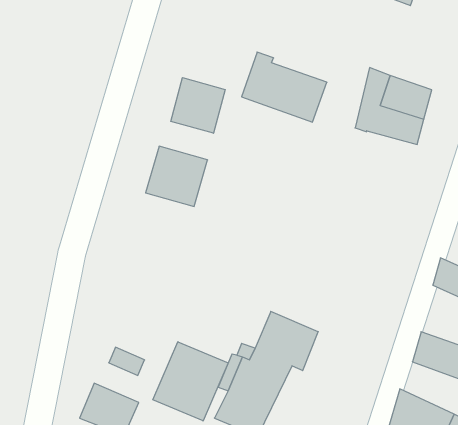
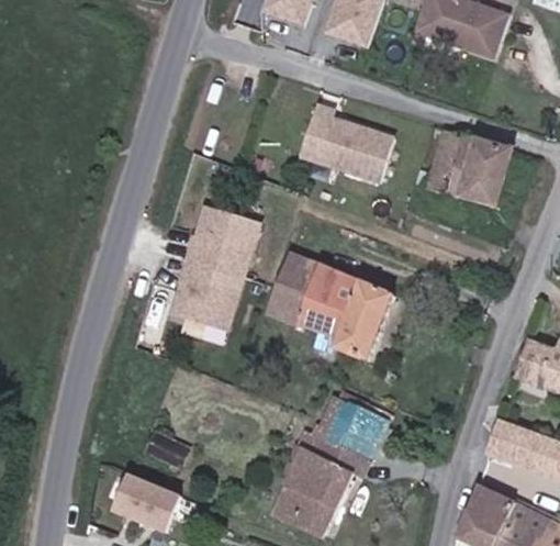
building: [171,78,225,133] -> none
building: none -> [266,253,395,363]
building: none -> [173,263,244,332]
building: [153,342,228,421] -> none

